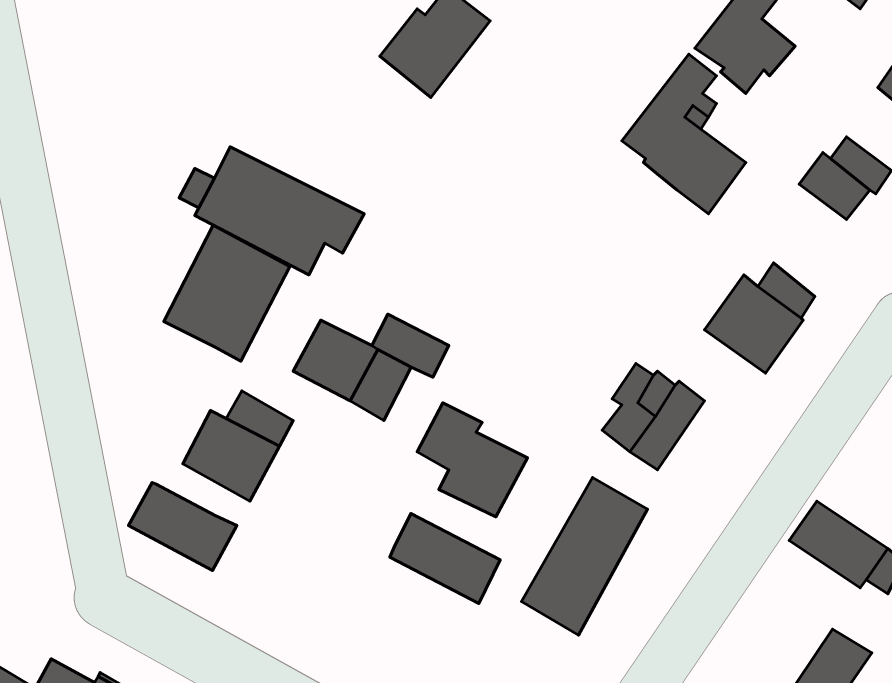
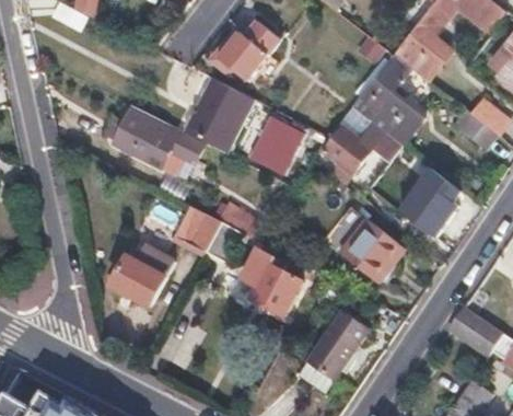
building: none -> [249,117,302,173]
building: none -> [324,123,385,180]
building: [164,225,290,361] -> [183,78,253,153]
building: [129,482,237,571] -> none
building: [390,513,500,603] -> none

